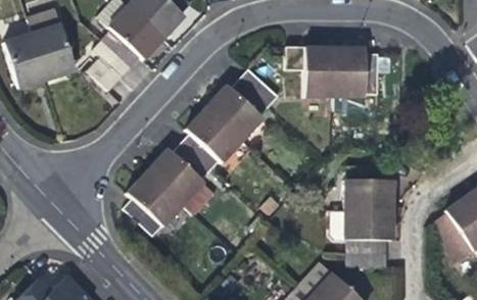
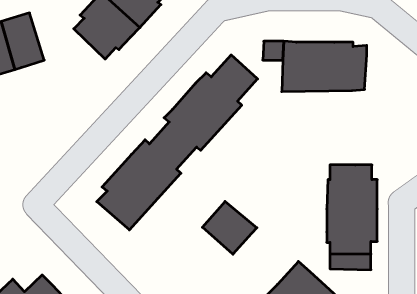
building: [86,36,130,88] -> none
building: none -> [202,201,257,254]

